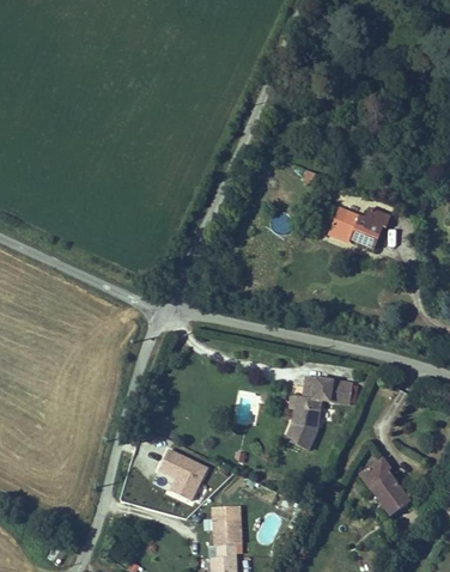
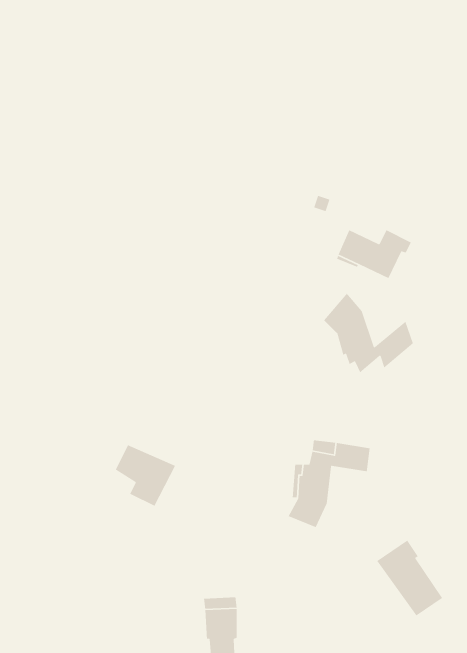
building: none -> [323,293,414,374]
building: [159,450,211,503] -> [115,444,176,507]

